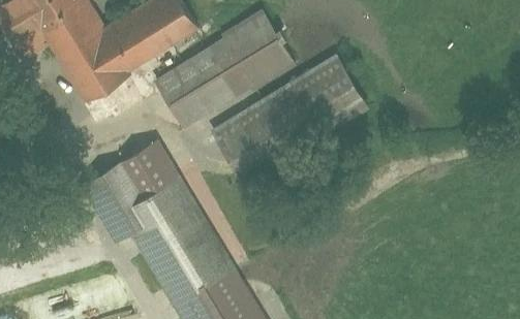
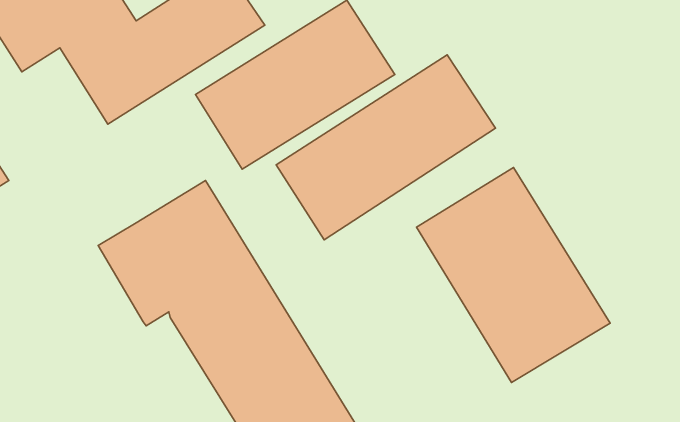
building: none -> [416,168,610,382]

